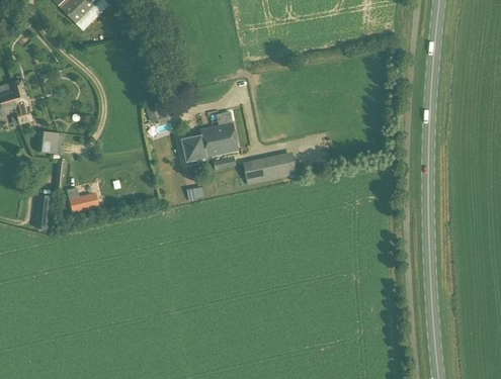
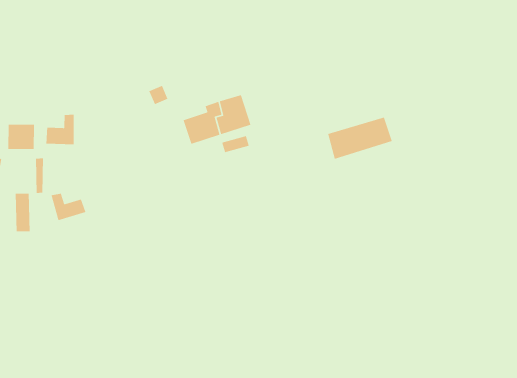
building: none -> [46,114,75,145]
building: [242,152,296,184] -> [327,117,393,160]

